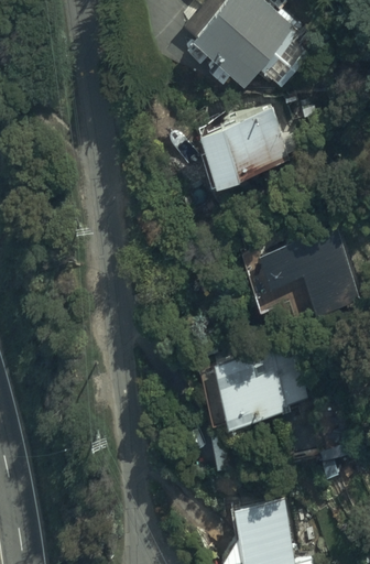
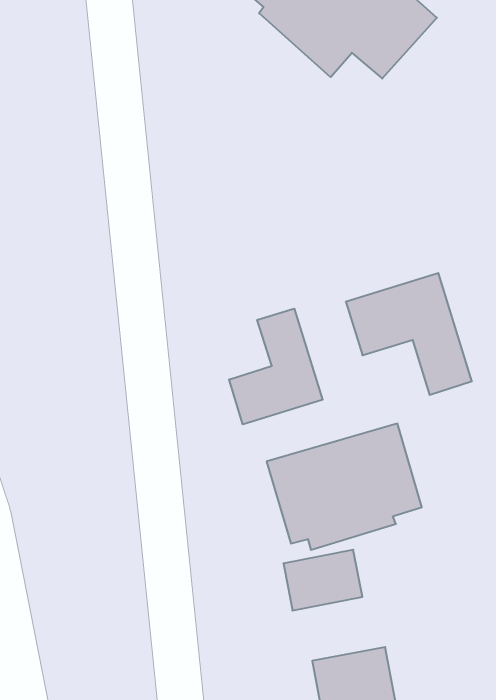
building: [198,112,301,189] -> none
building: none -> [229,309,323,424]

